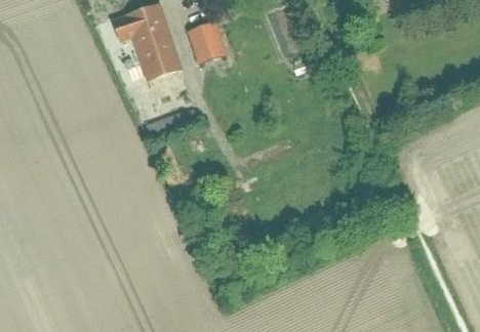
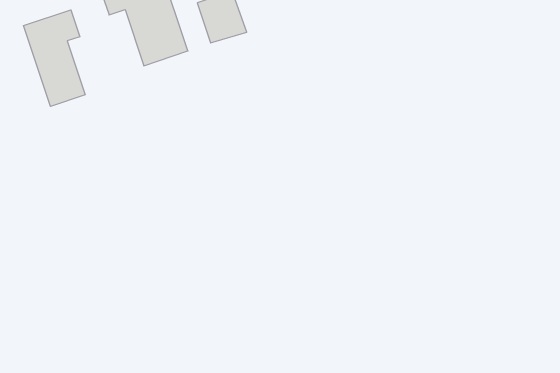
building: none -> [23,10,85,106]

